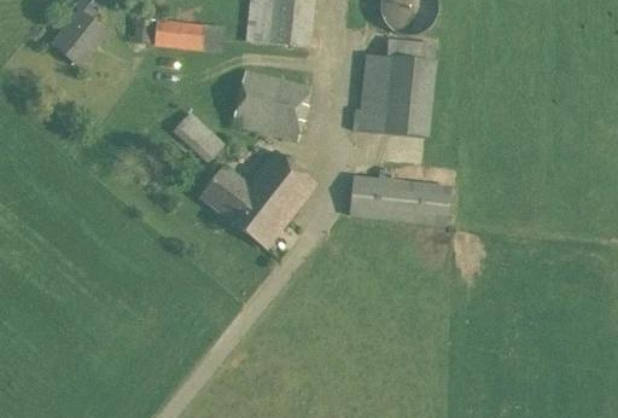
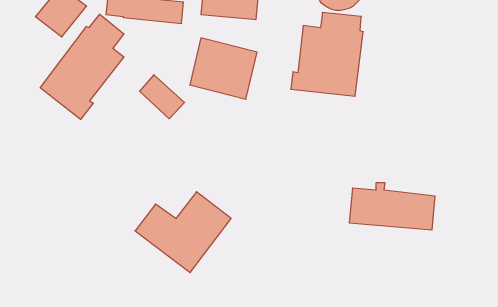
building: none -> [40,14,124,119]
building: [202,152,315,248] -> [135,192,231,273]
building: [345,170,447,226] -> [349,183,435,230]

